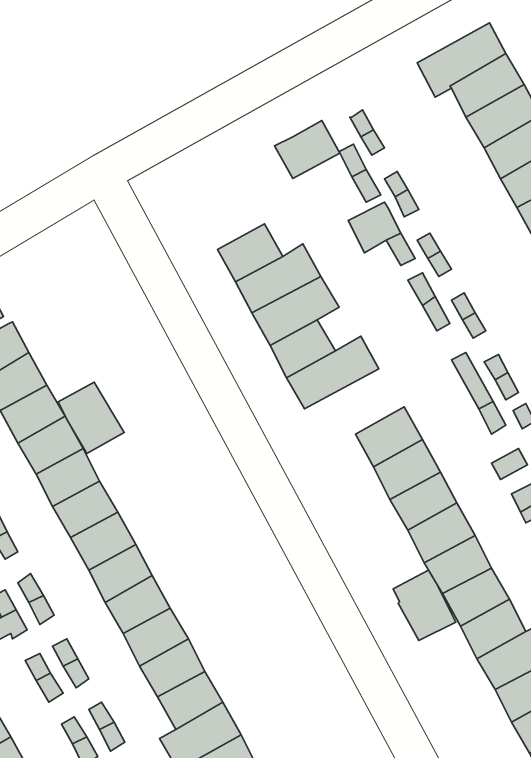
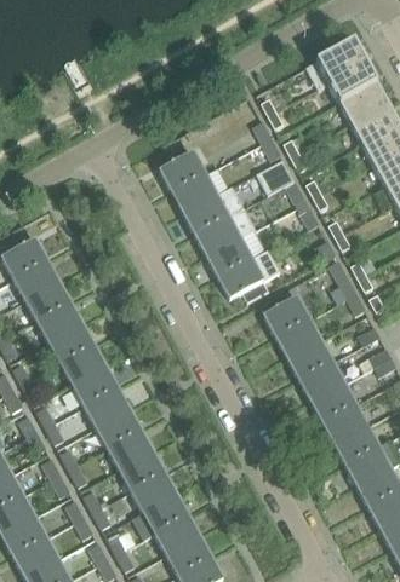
building: [275,121,340,179] -> [160,152,204,191]
building: [58,382,124,453] -> none
building: [393,570,456,641] -> none

